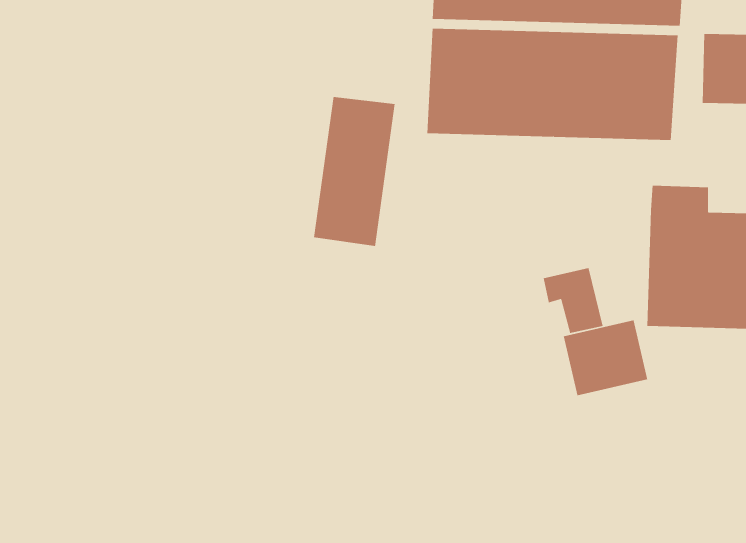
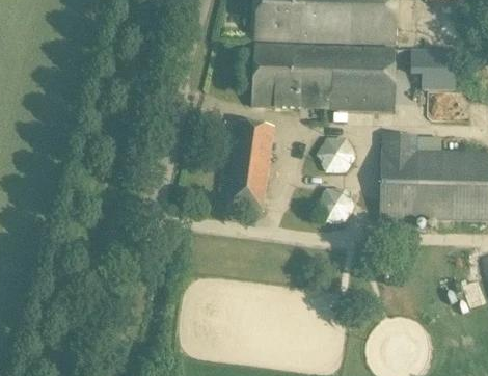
building: [313,97,396,247] -> [226,123,274,210]
building: none -> [322,134,354,169]
building: [563,319,648,396] -> none

